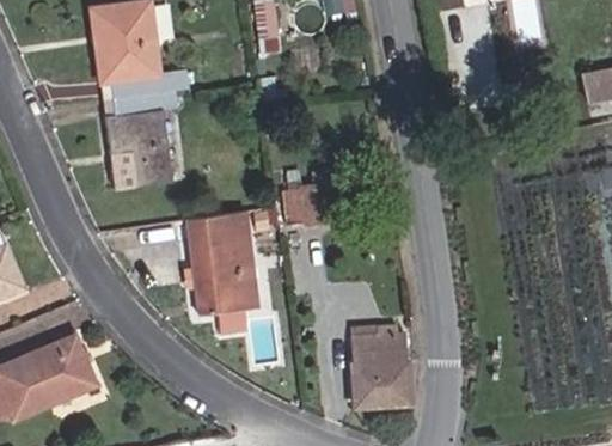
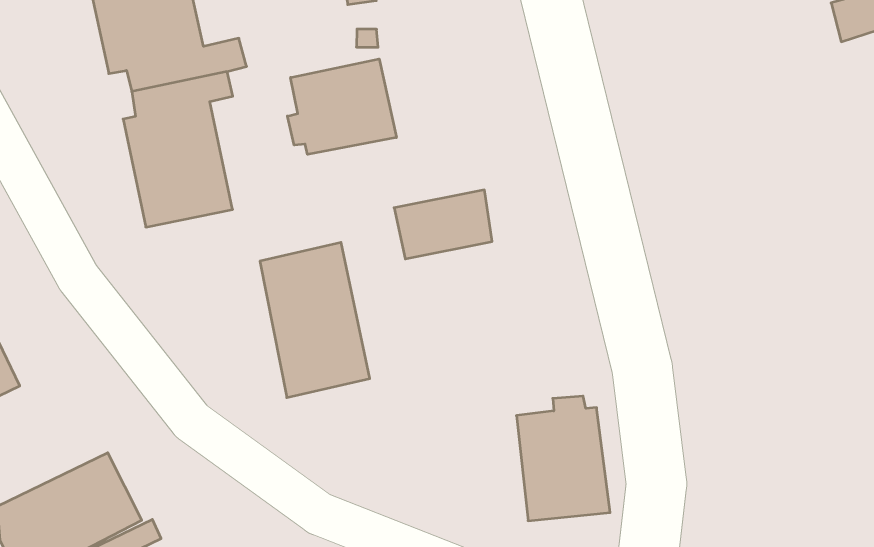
building: none -> [287,59,396,154]

